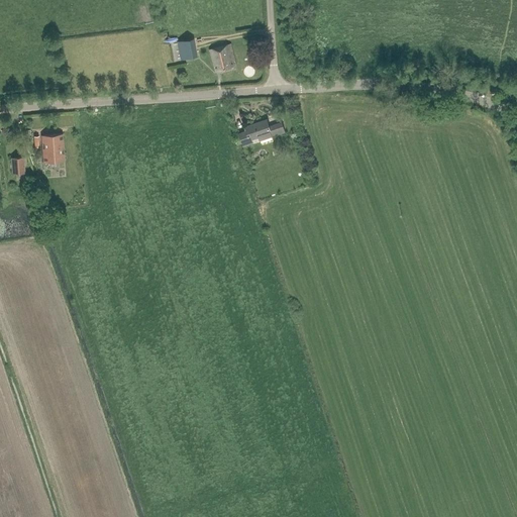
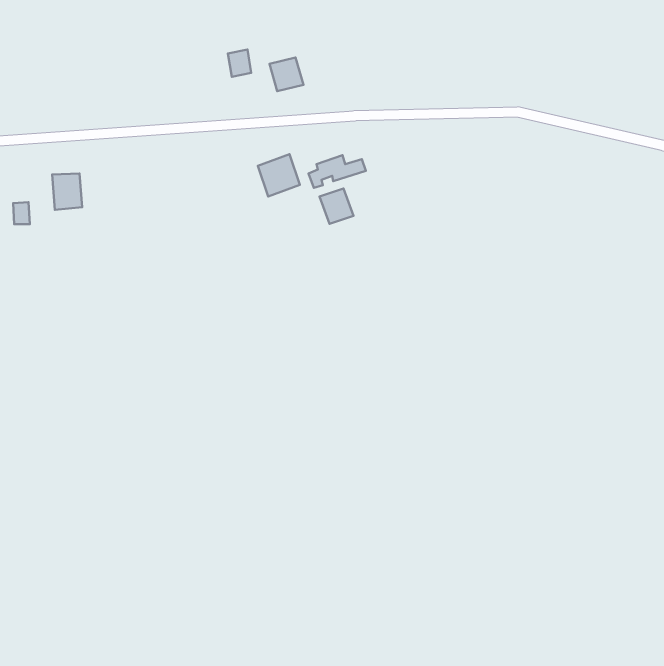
building: none -> [258,154,300,196]
building: none -> [320,188,353,224]

